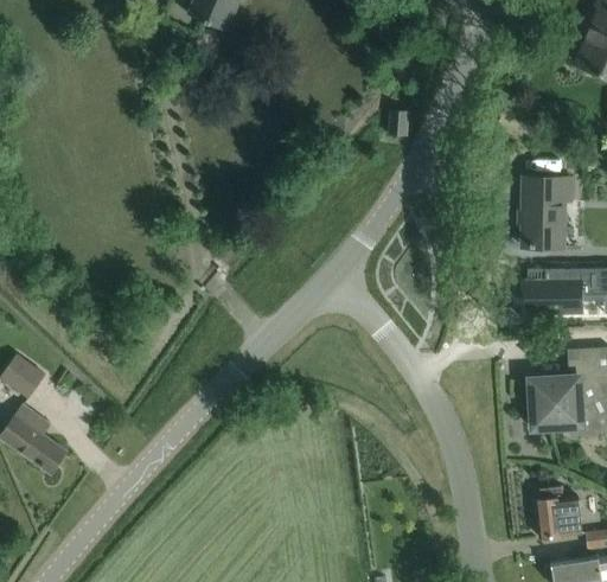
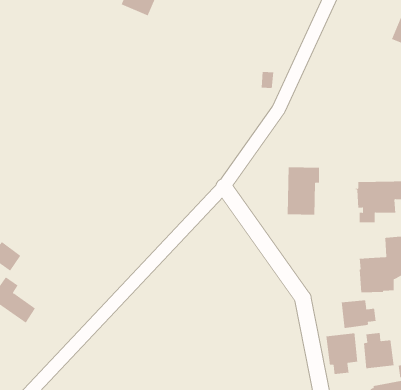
building: [523,177,570,247] -> [287,167,320,215]
building: none -> [341,300,376,329]
building: none -> [326,332,358,375]

